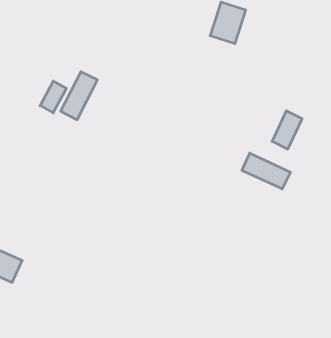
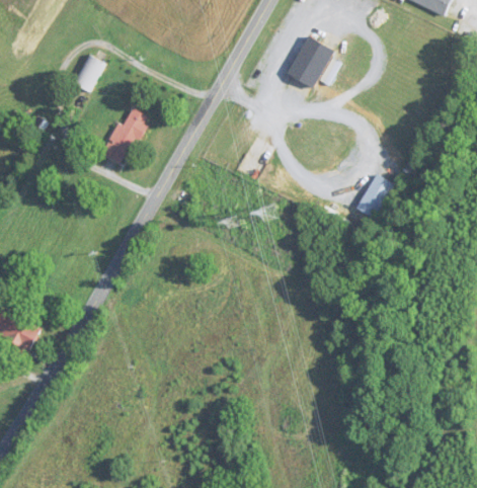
building: [40,81,66,113] -> [71,54,104,92]
building: [242,153,290,189] -> none

